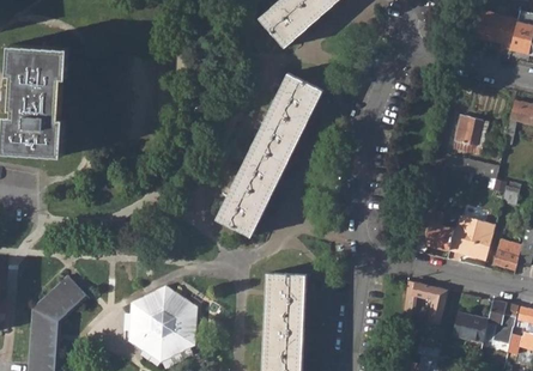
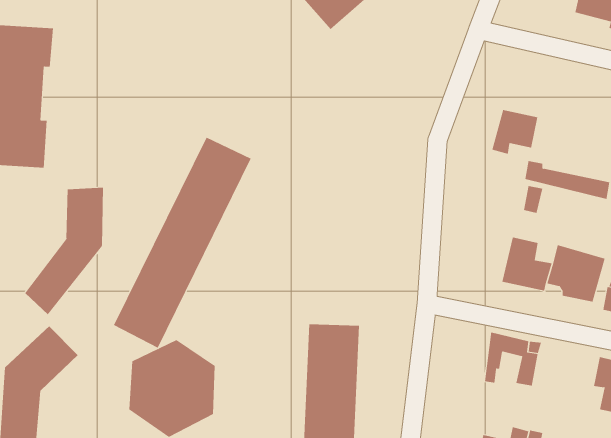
building: [216,74,322,237] -> [113,137,251,348]
building: [452,115,487,150] -> [492,109,538,154]
building: none -> [24,187,103,315]
building: [452,310,487,341] -> none

